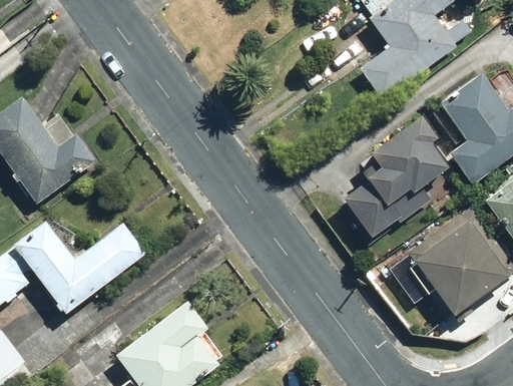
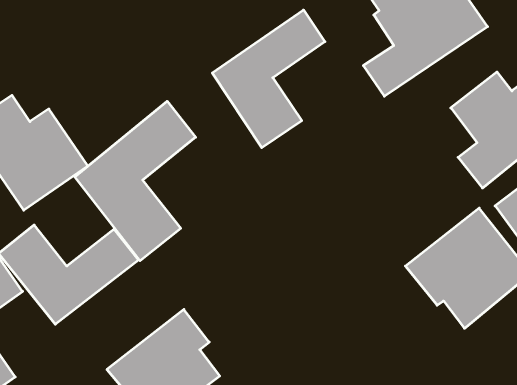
building: none -> [212,10,325,148]
building: none -> [75,101,196,261]
building: [355,116,450,240] -> none

